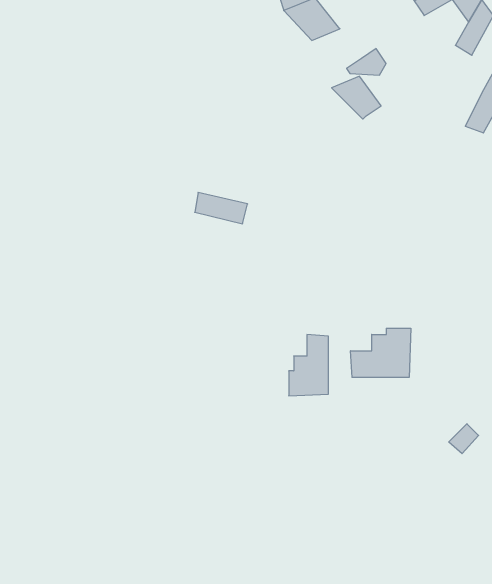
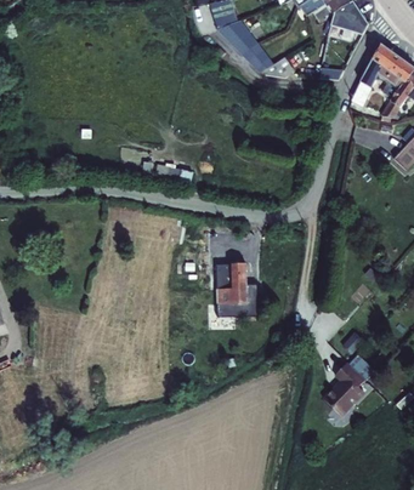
building: [332,76,381,119] -> [238,42,274,74]
building: [351,328,411,377] -> none
building: none -> [319,361,361,416]

